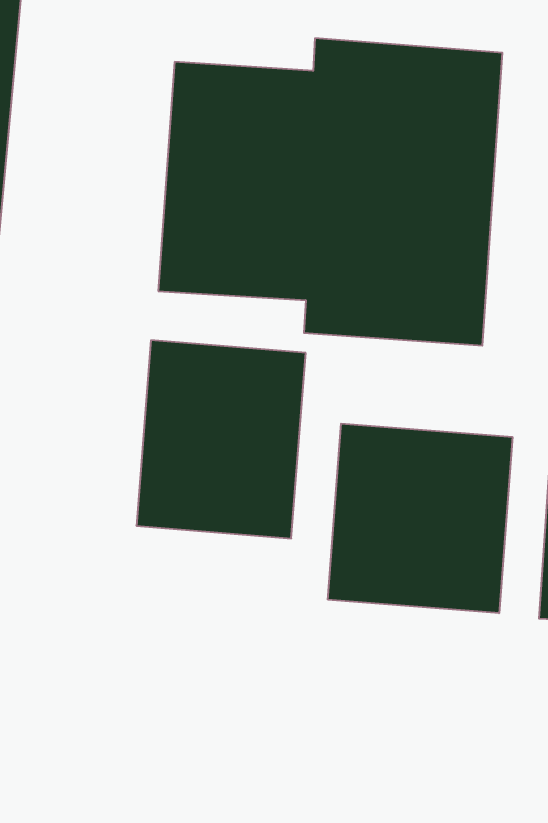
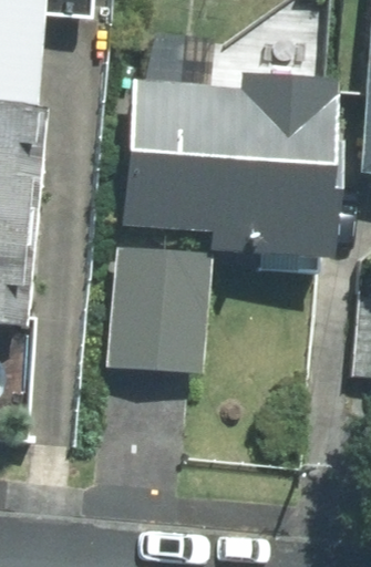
building: [328,424,512,613] -> none

